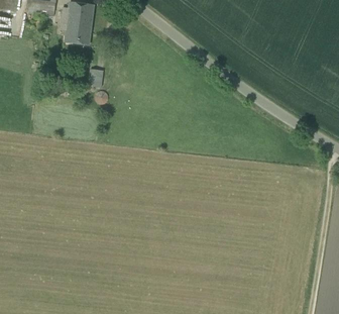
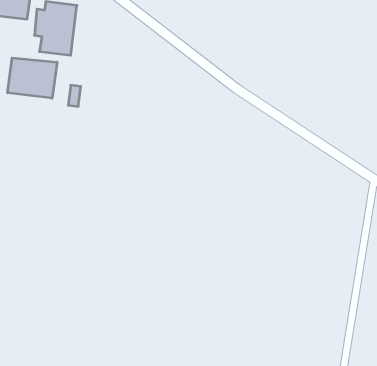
building: none -> [8,58,57,98]

